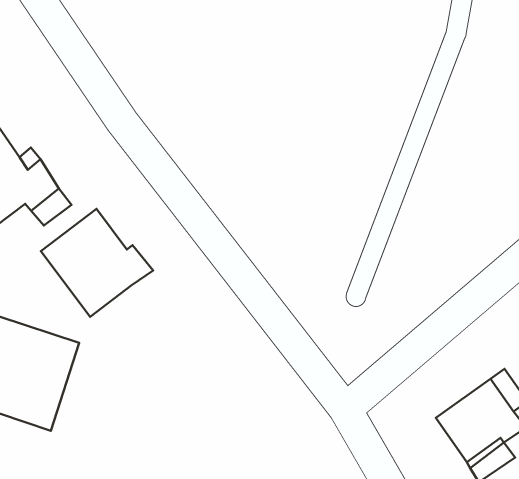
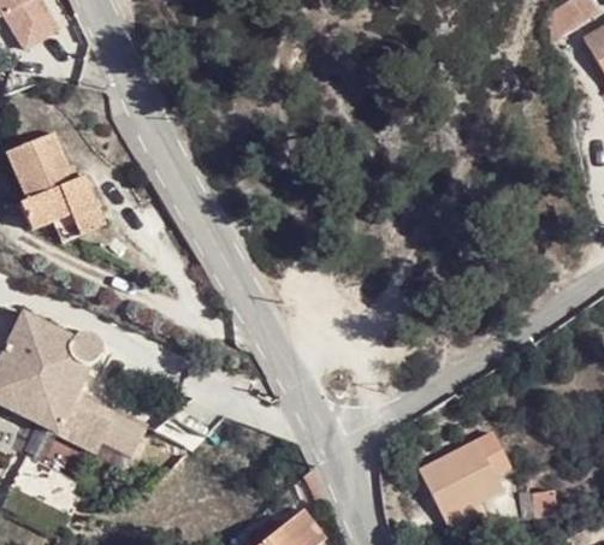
building: [41,209,153,317] -> none
building: none -> [73,393,149,454]

